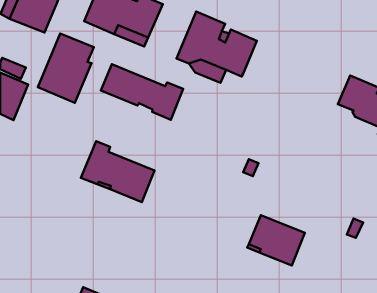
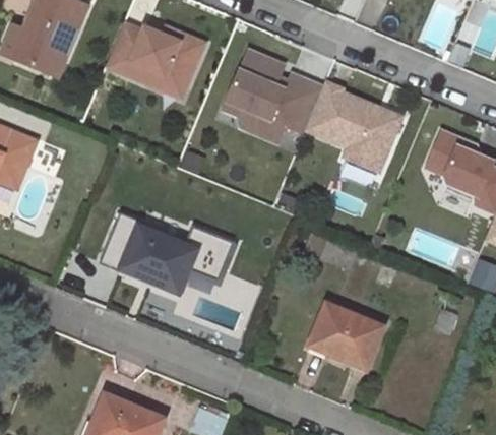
building: [38,33,94,103] -> none
building: none -> [306,82,398,172]
building: [101,64,183,120] -> none

